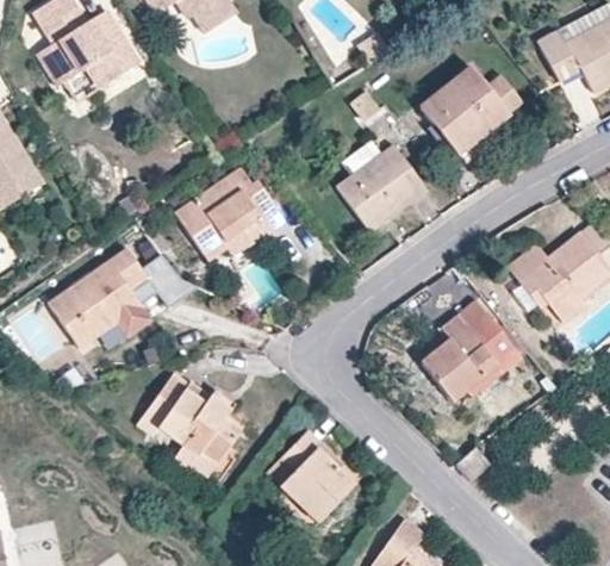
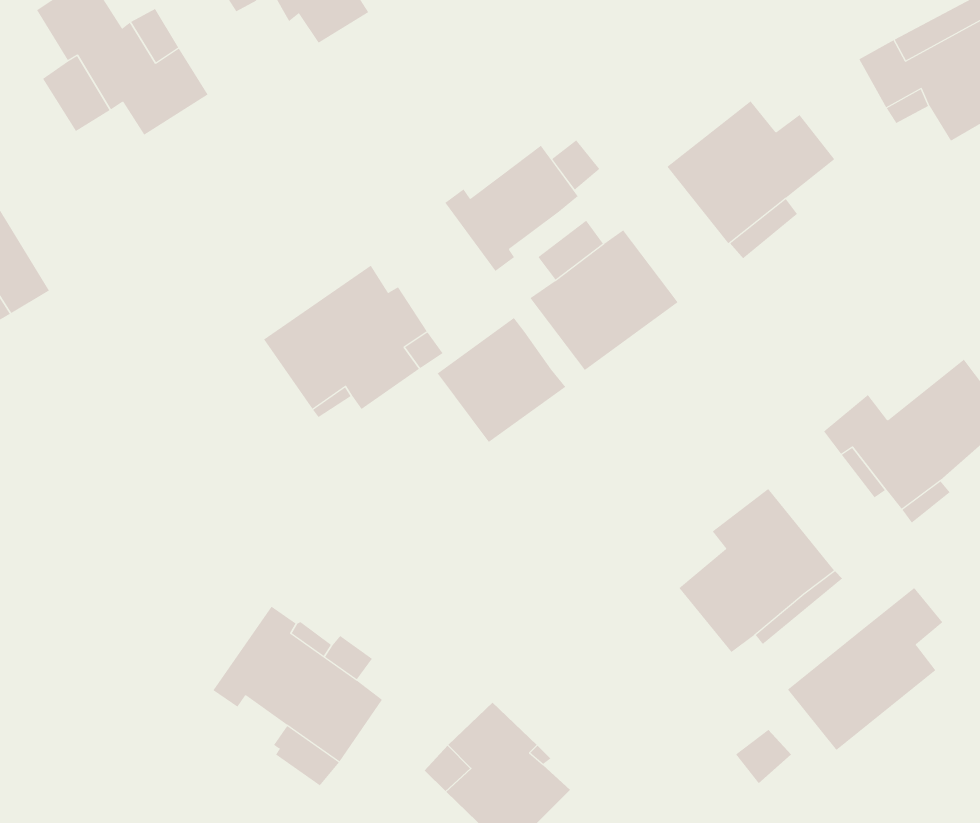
building: none -> [444,145,578,272]
building: none -> [437,317,566,443]
building: [45,247,195,347] -> none
building: none -> [788,587,943,751]

